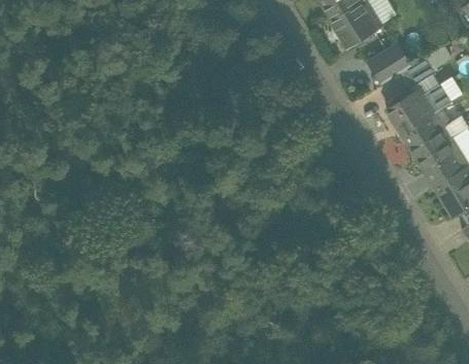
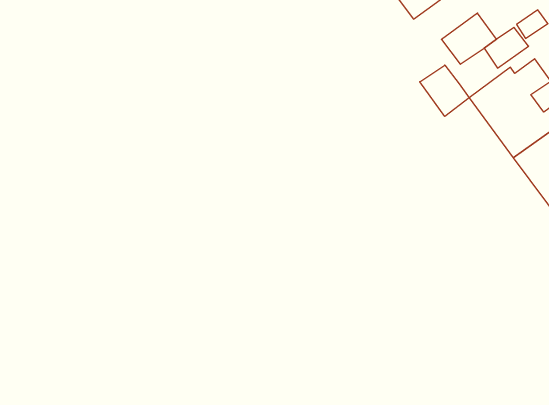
building: none -> [420,65,469,116]

